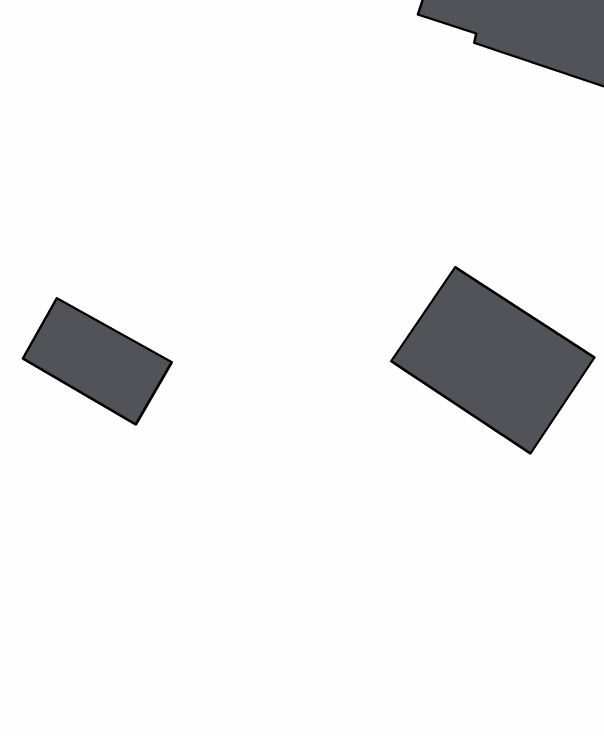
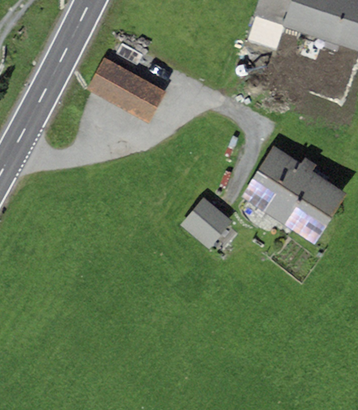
building: [23,298,172,425] -> [86,56,165,123]
building: none -> [181,197,232,247]

